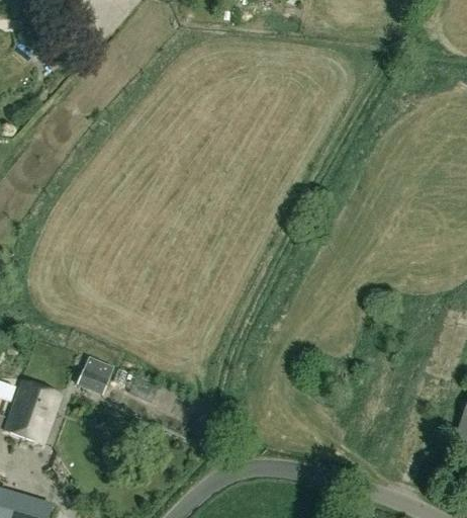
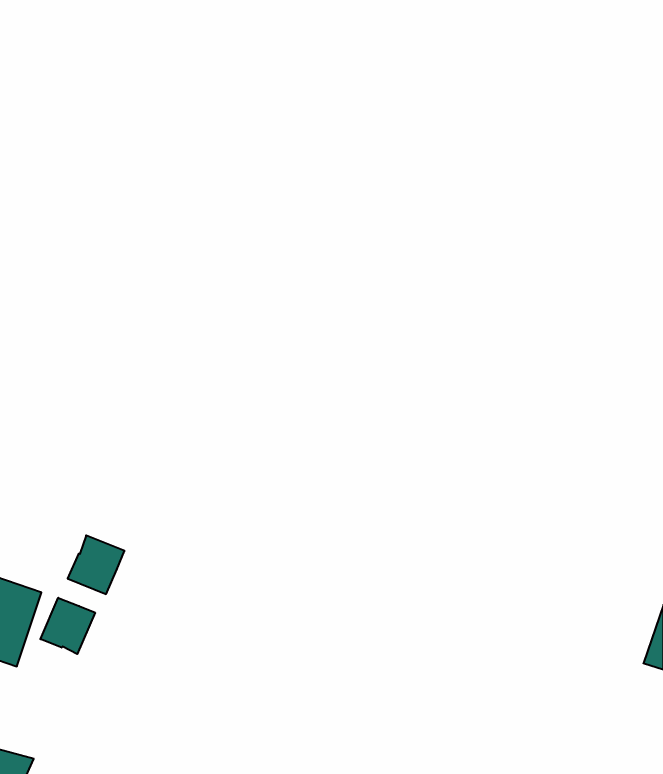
building: none -> [40,598,95,654]

